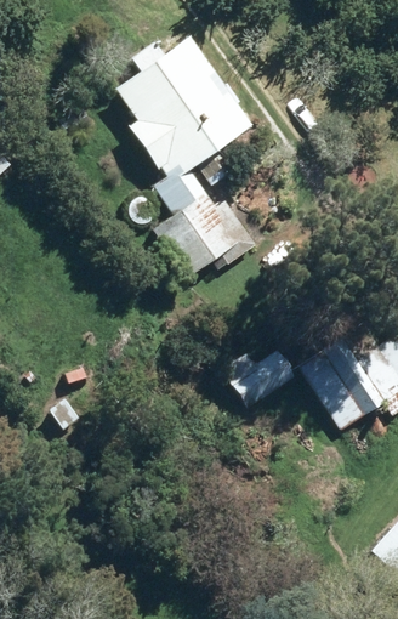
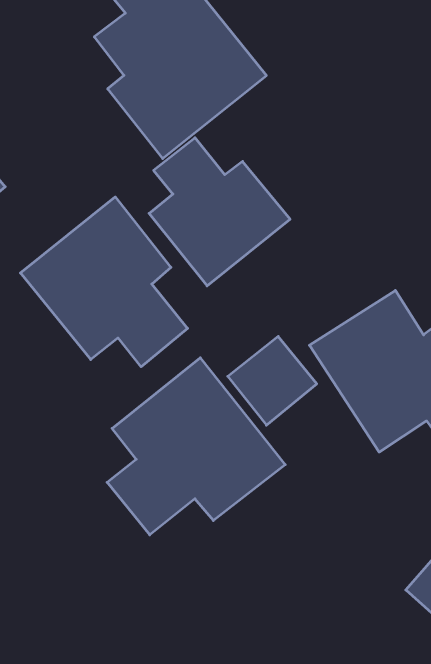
building: none -> [20,197,188,367]
building: none -> [107,358,285,535]

